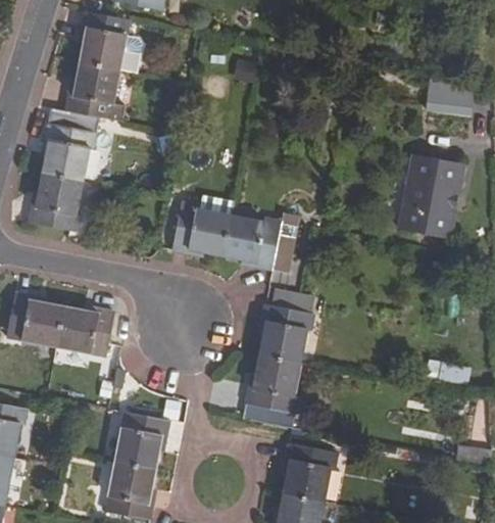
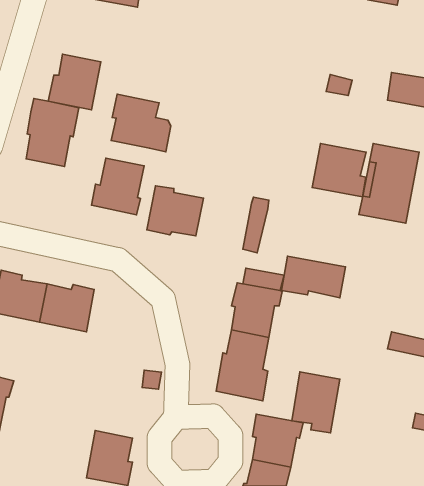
building: [81,11,144,73] -> [111,94,171,152]
building: none -> [312,143,366,197]
building: [27,172,83,232] -> [92,158,144,215]
building: [222,213,282,268] -> none
building: none -> [281,256,346,298]
building: none -> [292,372,340,433]
building: [115,412,168,469] -> none

